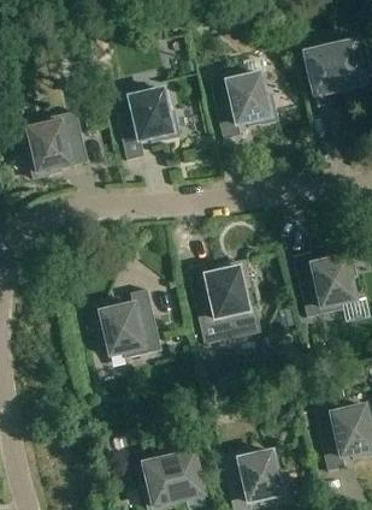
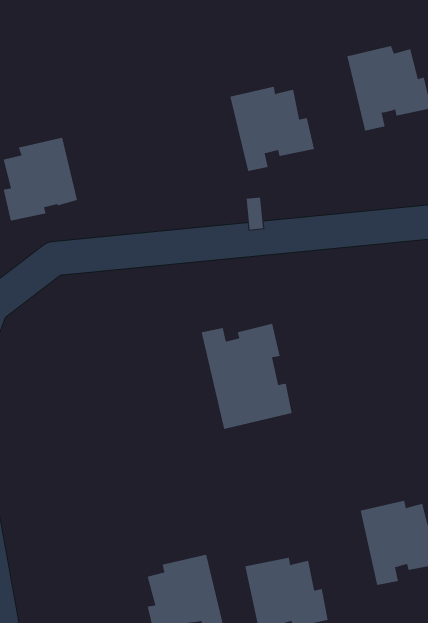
building: [113,85,181,161] -> none
building: [295,249,358,318] -> none
building: [95,289,163,358] -> none

